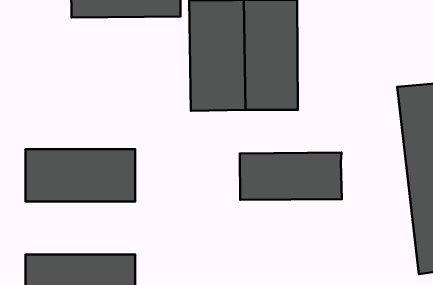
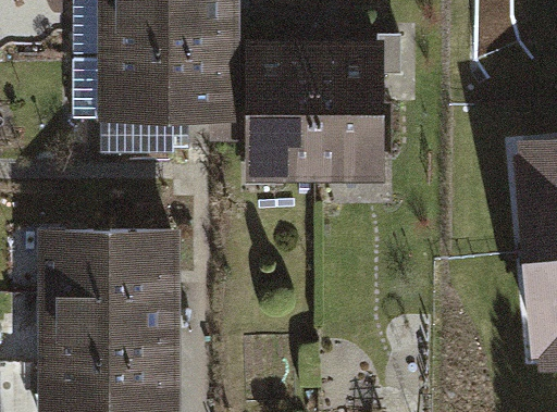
building: none -> [97,60,236,120]
building: [240,153,342,200] -> none
building: none -> [38,295,177,362]

